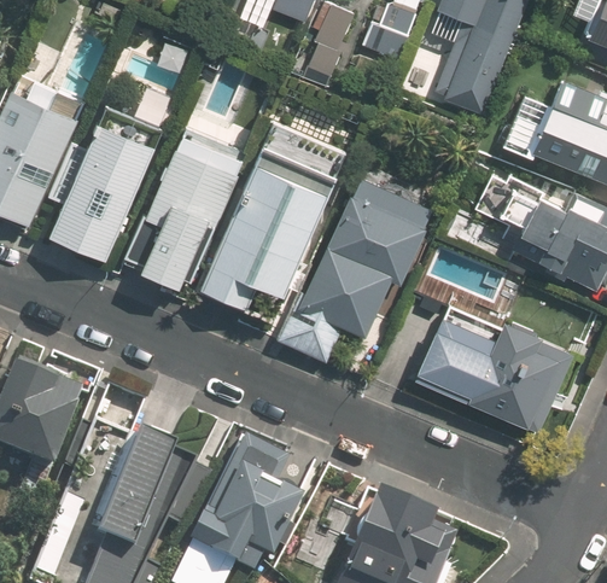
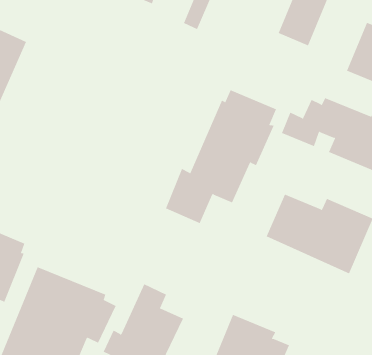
building: [49,121,157,250] -> none
building: [123,139,241,290] -> none
building: [202,145,338,308] -> none

